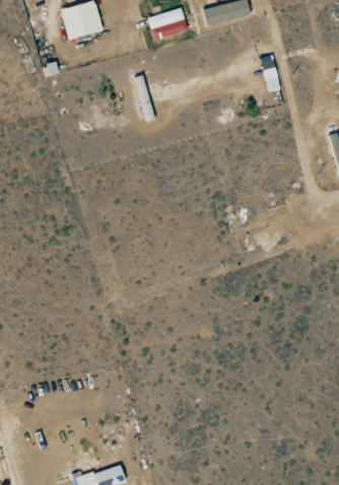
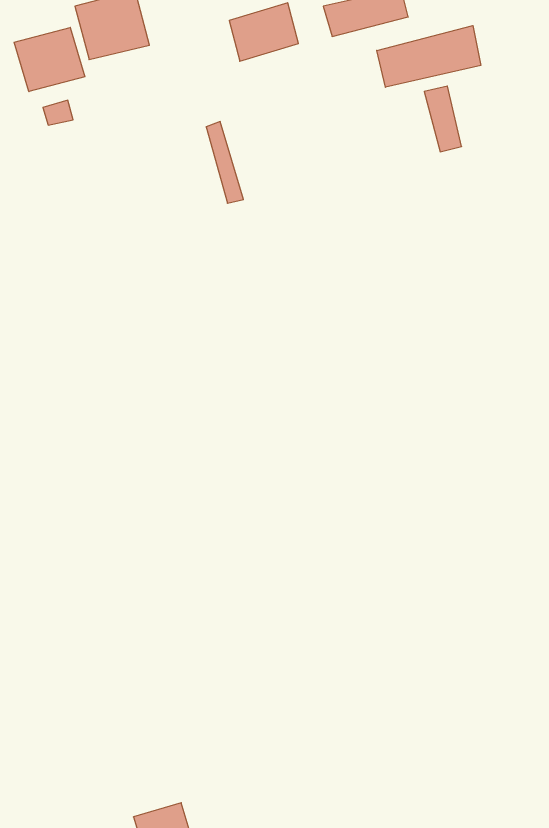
building: none -> [377,26,481,87]
building: none -> [14,27,85,92]

